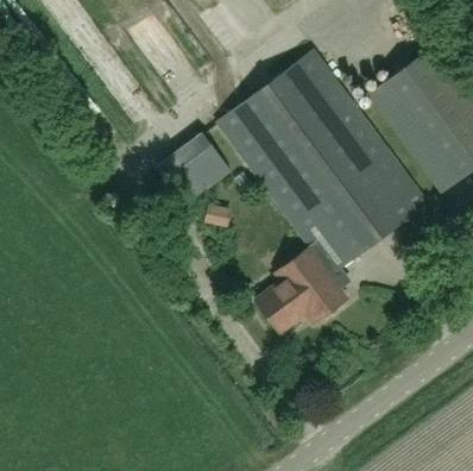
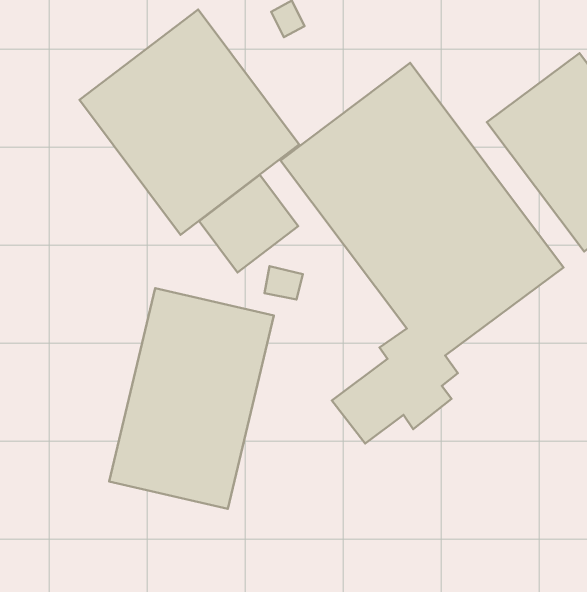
building: none -> [79,9,299,235]
building: none -> [109,288,274,509]

